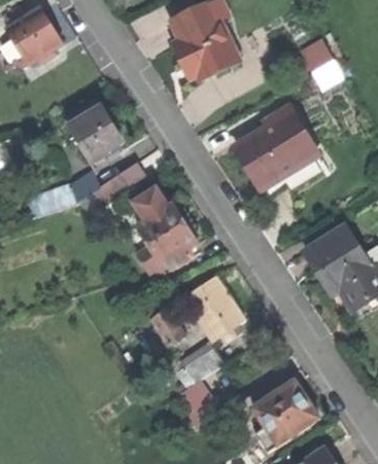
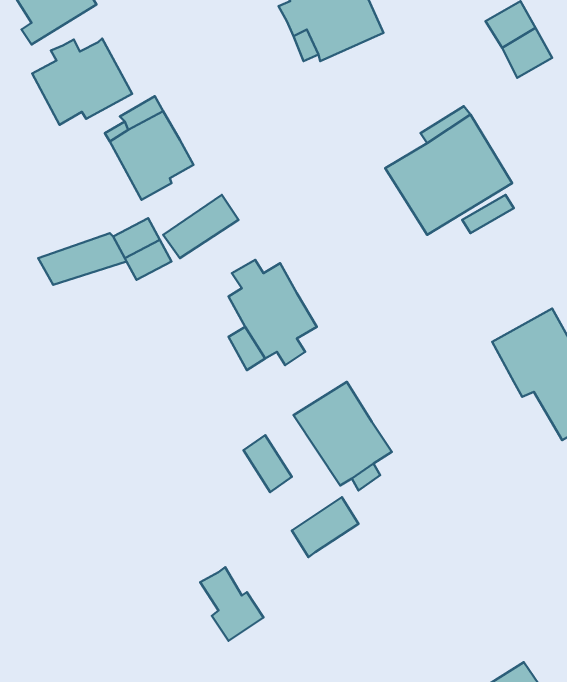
building: none -> [32,39,132,125]
building: [181,380,220,425] -> [200,567,263,641]
building: [253,380,318,452] -> none

